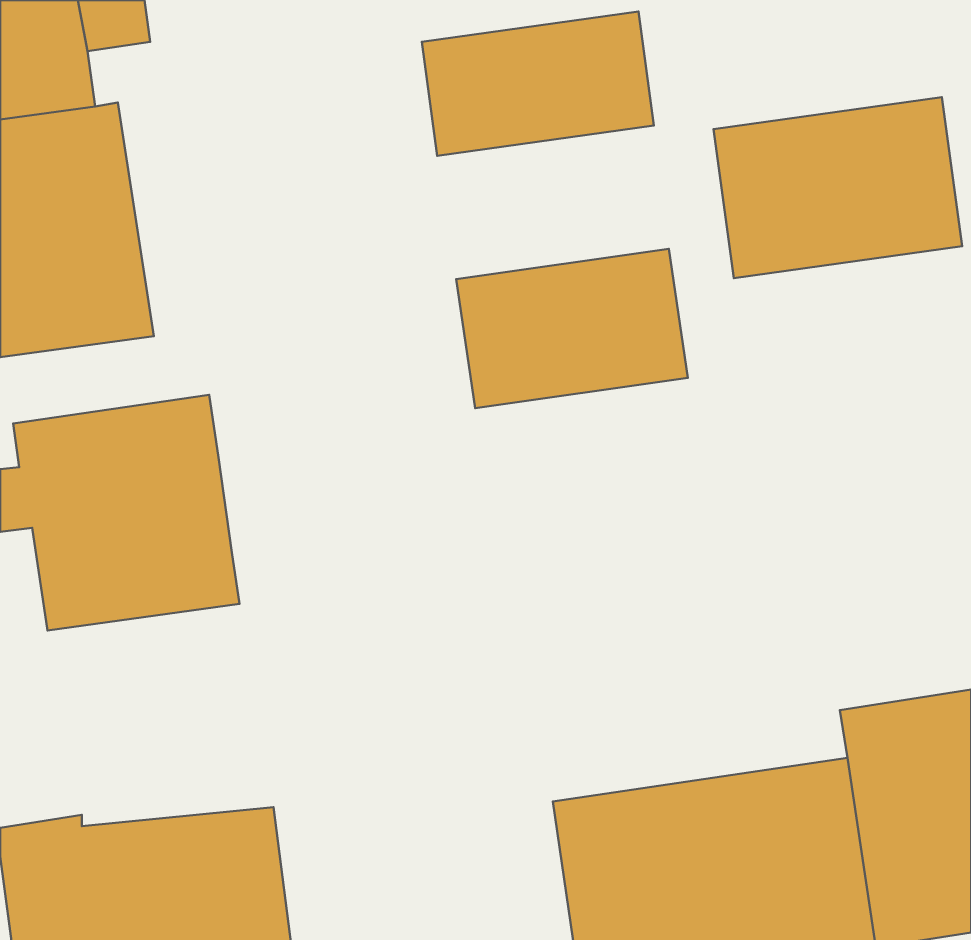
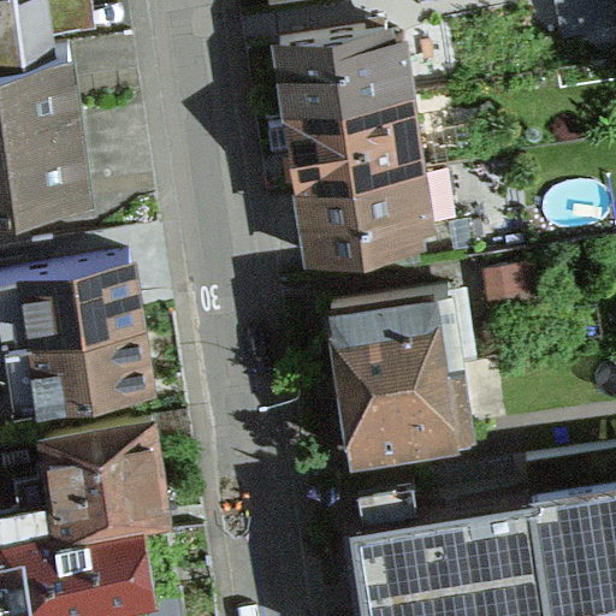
building: [713,97,962,278] -> none
building: none -> [277,99,424,196]
building: none -> [324,296,481,470]
building: none -> [38,420,173,543]

